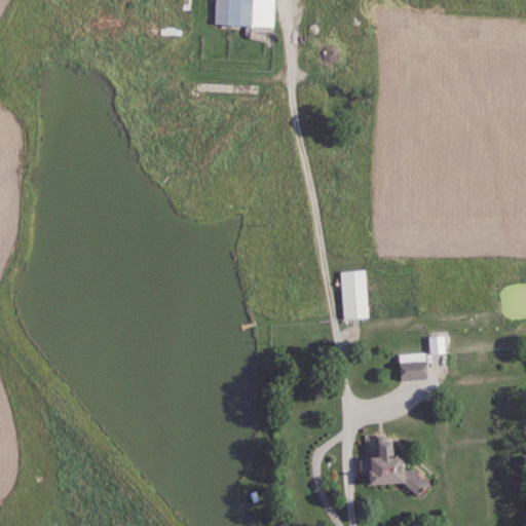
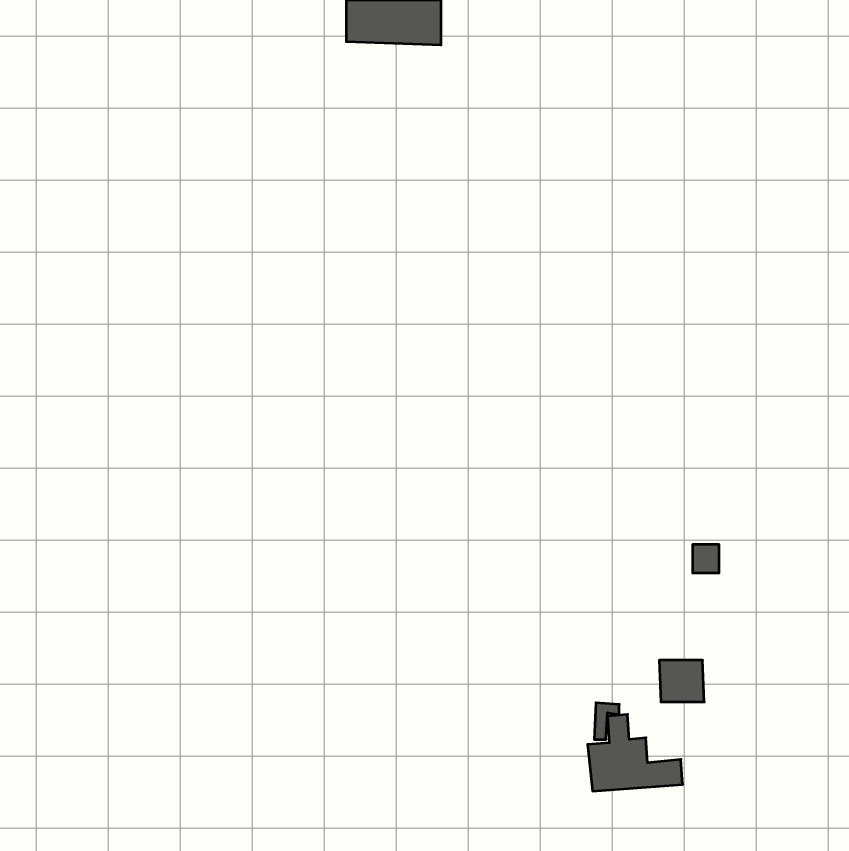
building: [341,270,369,320] -> none
building: [398,353,425,379] -> [659,660,704,702]

